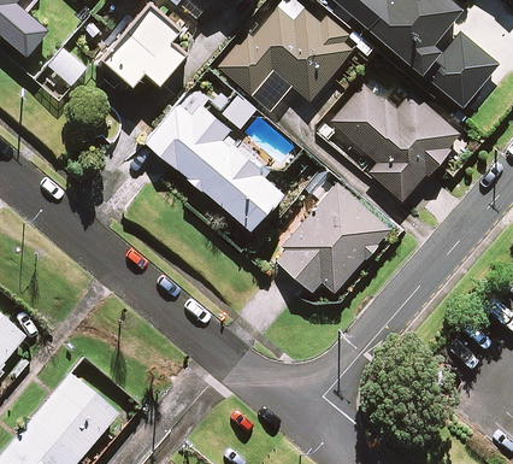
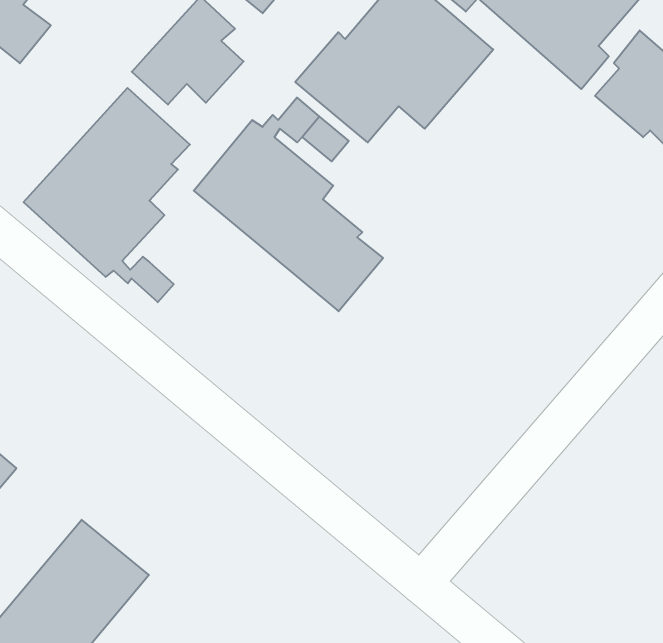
building: none -> [24,88,190,302]
building: [332,84,460,199] -> none
building: [273,182,389,290] -> none

